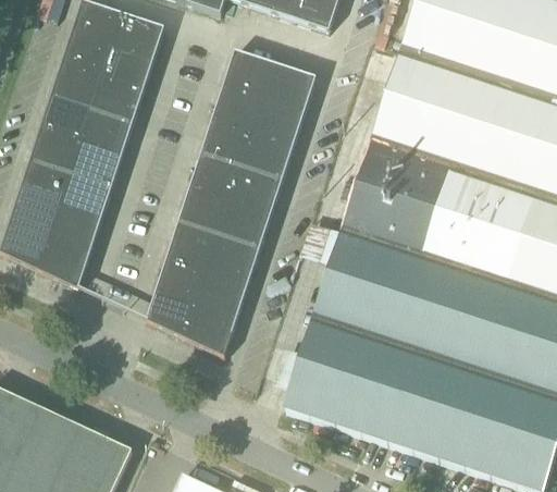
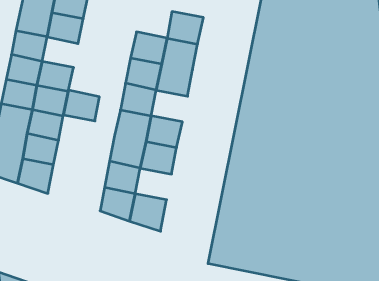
building: [223,50,274,98] -> none
building: [91,77,143,123] -> [63,90,99,121]
building: [230,167,282,213] -> none
building: [196,269,248,316] -> none

